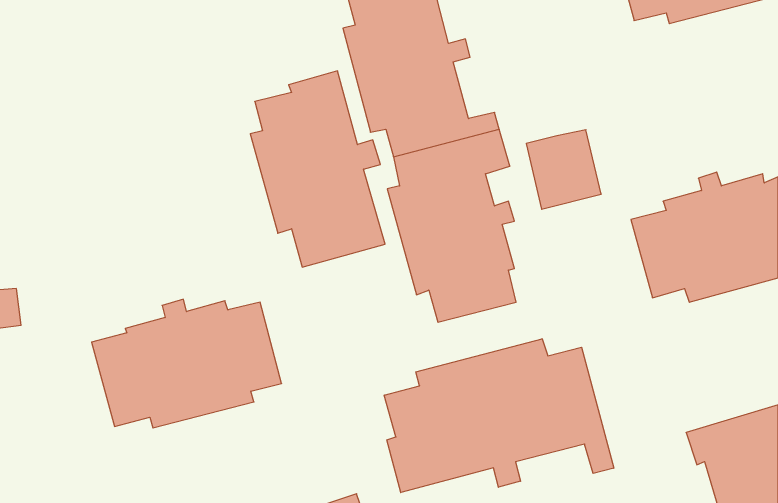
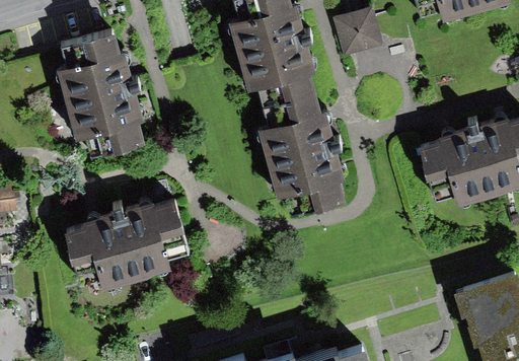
building: [250,71,385,267] -> [58,26,147,156]
building: [526,130,601,209] -> [331,9,381,62]
building: [384,339,614,493] -> none

